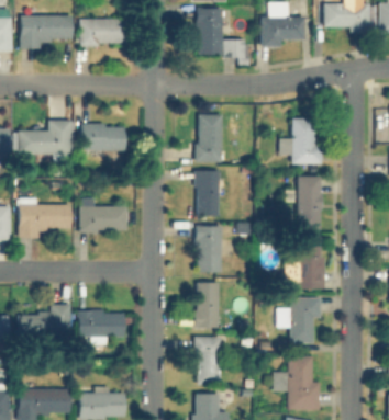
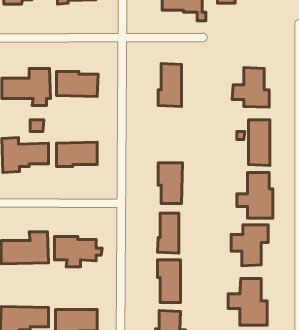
building: [196,170,220,216] -> none

